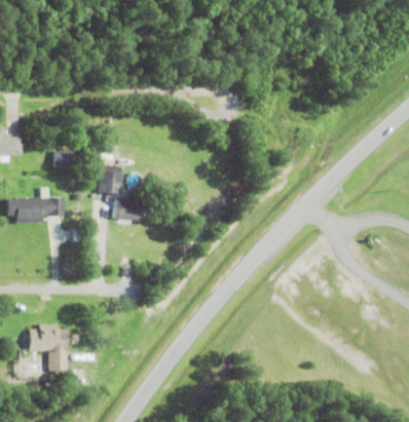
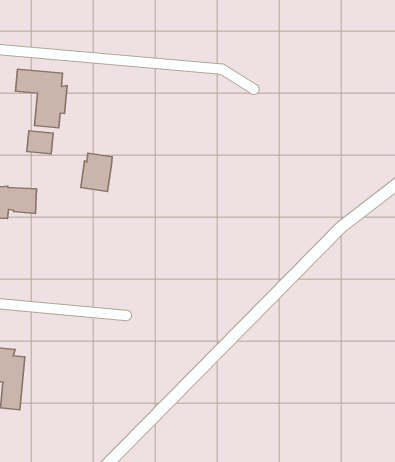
building: none -> [15,69,67,128]
building: [113,194,142,221] -> none

